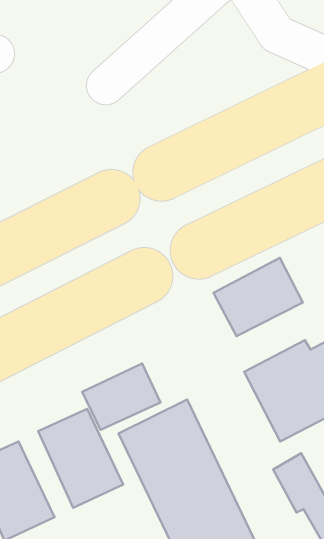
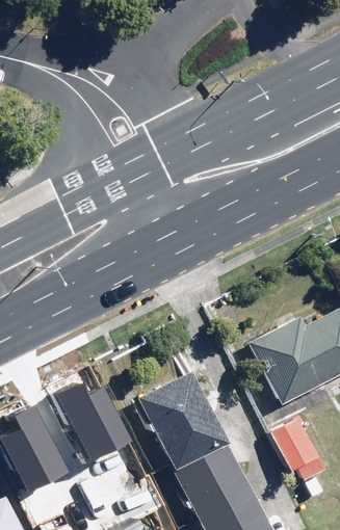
building: [214,258,303,336] -> none
building: [82,363,160,430] -> none

